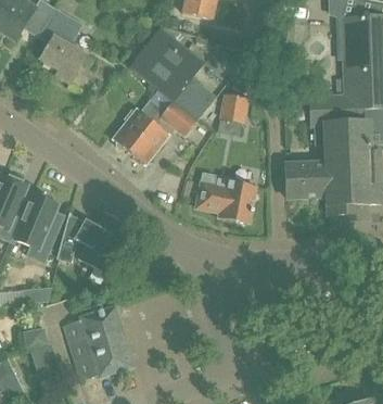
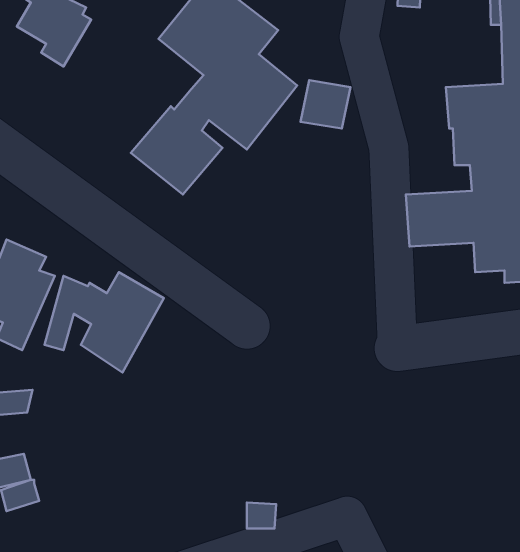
building: [196,173,255,223] -> none
building: [64,305,133,379] -> none

